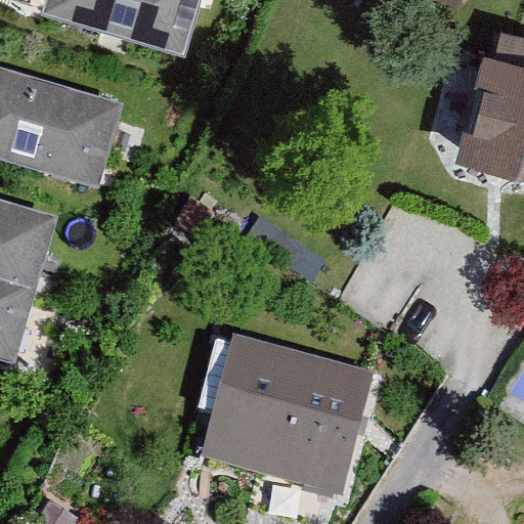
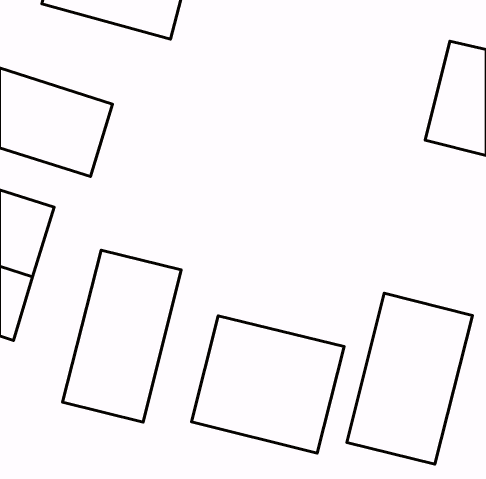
building: none -> [63,250,181,422]
building: none -> [347,293,473,464]

